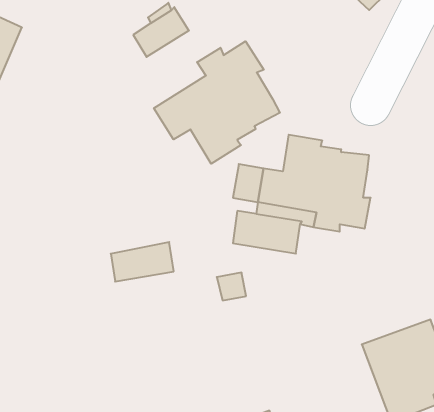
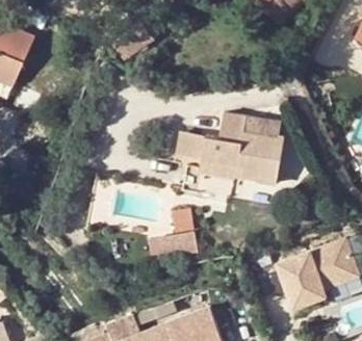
building: [154,41,280,164] -> none
building: [111,242,174,282] -> [153,232,198,260]

